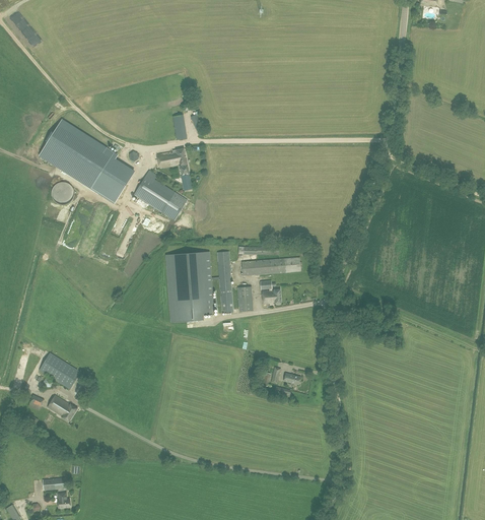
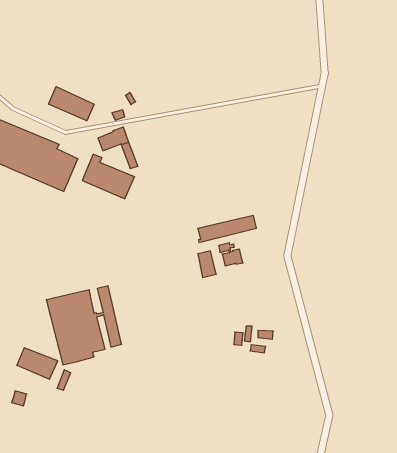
building: none -> [49,87,94,121]
building: [164,250,232,322] -> [46,286,122,365]
building: [47,394,76,420] -> none

